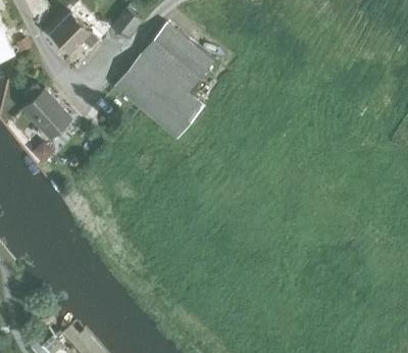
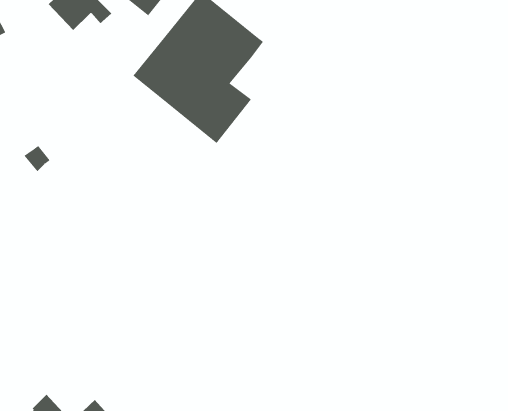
building: [22,88,73,140] -> none

